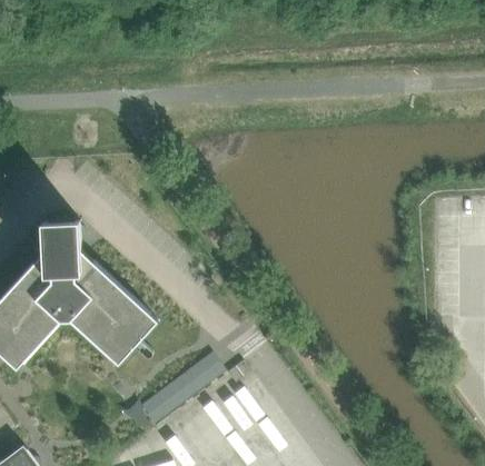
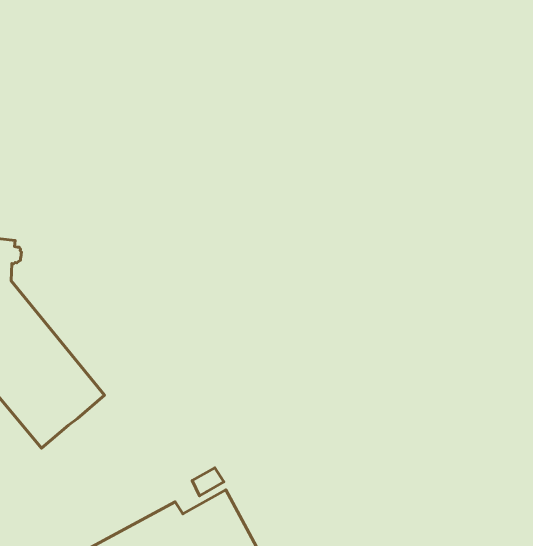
building: [141,351,225,423] -> none

